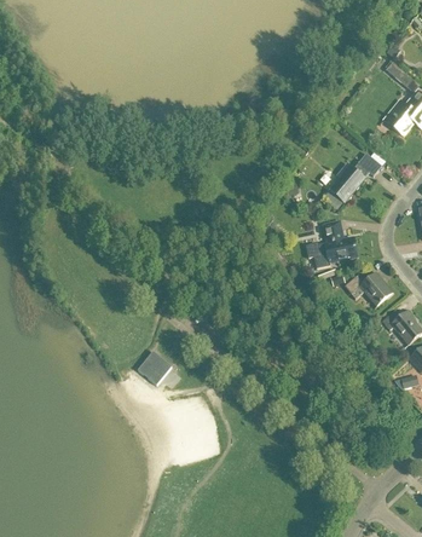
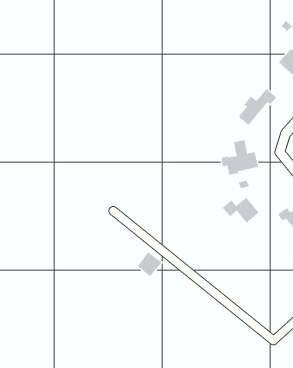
building: [343,271,393,306] -> [222,197,259,223]
building: [138,351,172,385] -> [137,251,162,277]

